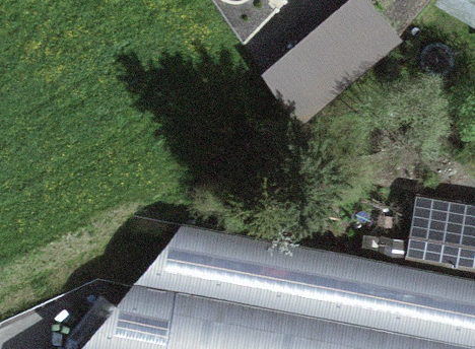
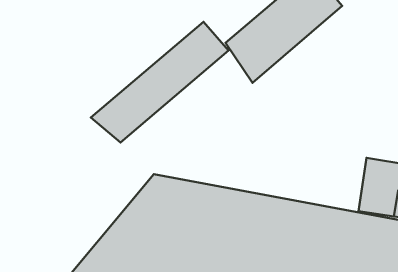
building: none -> [91,22,228,142]

